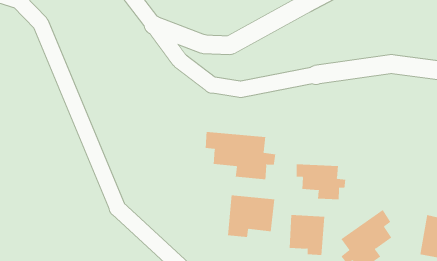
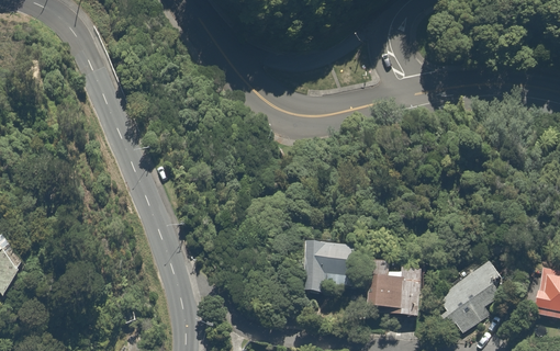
building: [205,131,276,180] -> none
building: [296,163,346,200] -> none

